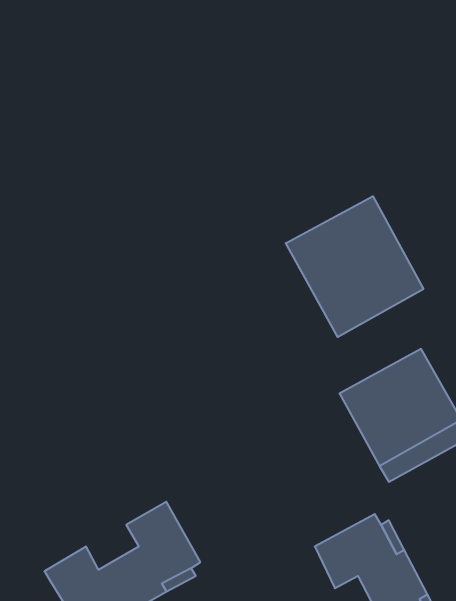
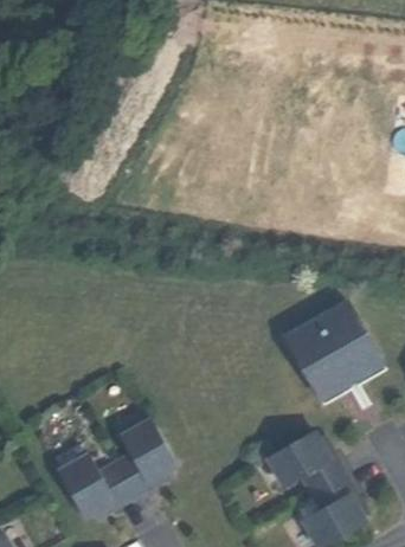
building: [286,196,423,337] -> none

